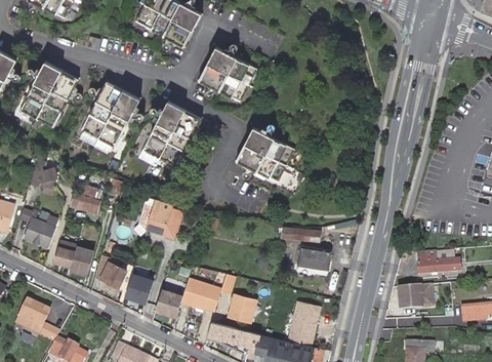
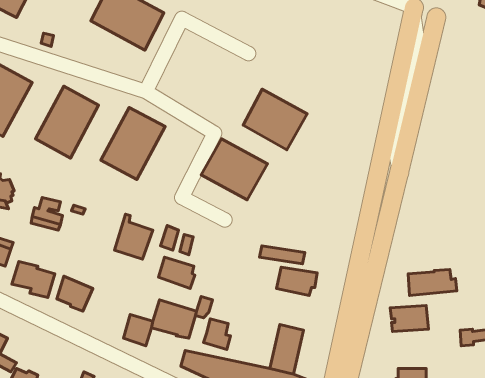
building: [192,48,250,104] -> [243,89,307,150]
building: none -> [159,257,195,288]
building: [128,275,157,304] -> none

